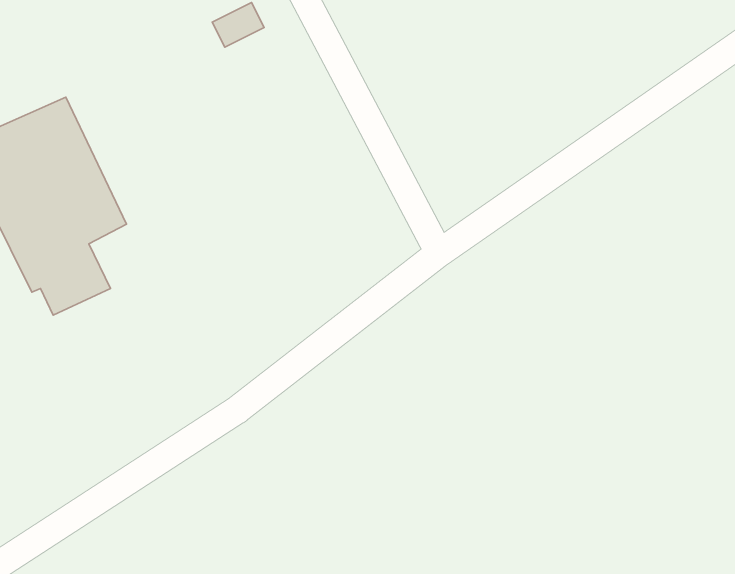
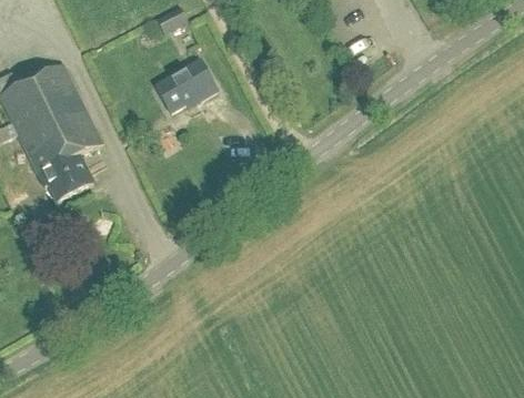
building: none -> [154,58,215,109]

